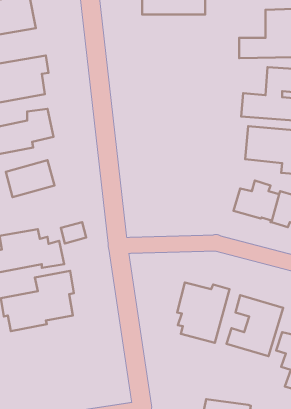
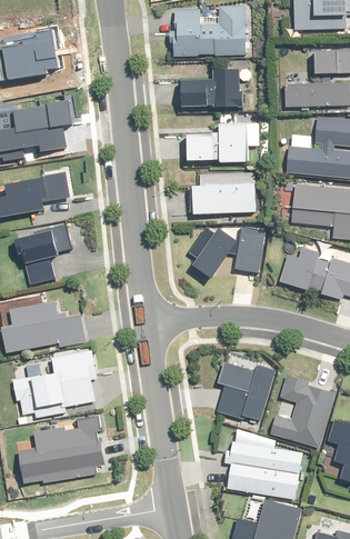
building: none -> [182,67,251,107]
building: none -> [187,122,260,162]
building: none -> [193,183,257,213]
building: none -> [188,227,237,277]
building: none -> [237,229,266,272]
building: [61,222,86,243] -> [26,263,54,288]
building: none -> [21,418,103,482]
building: none -> [224,440,303,498]

